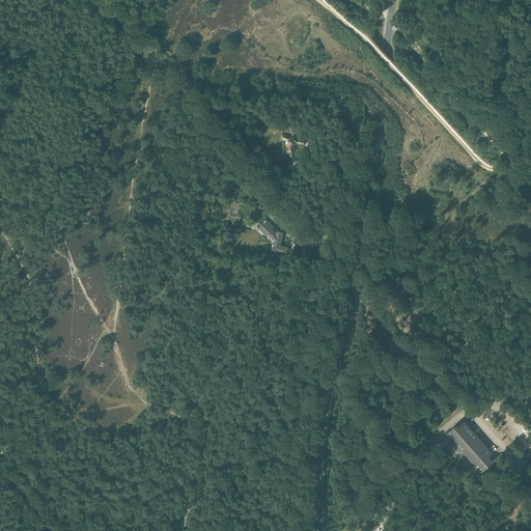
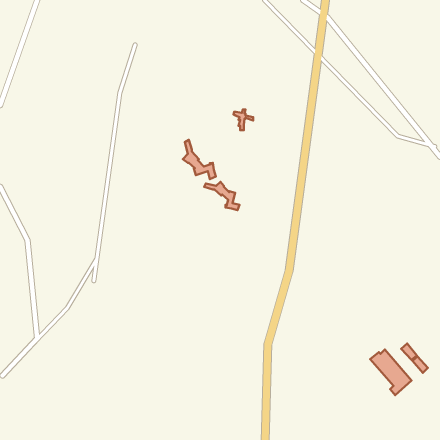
building: none -> [183,140,216,179]

